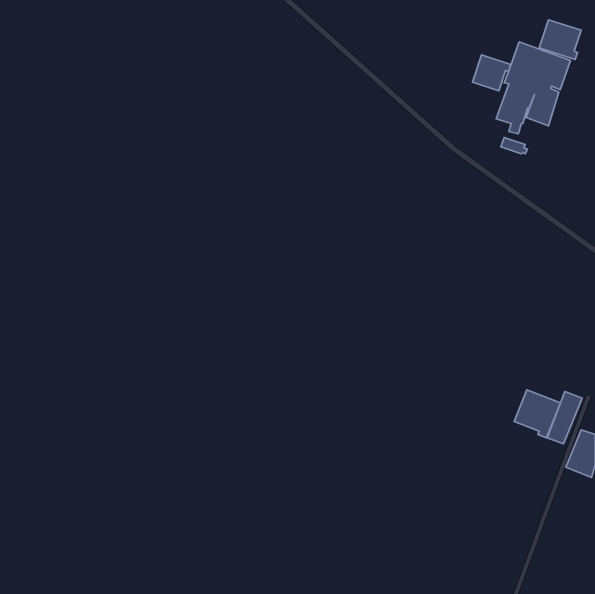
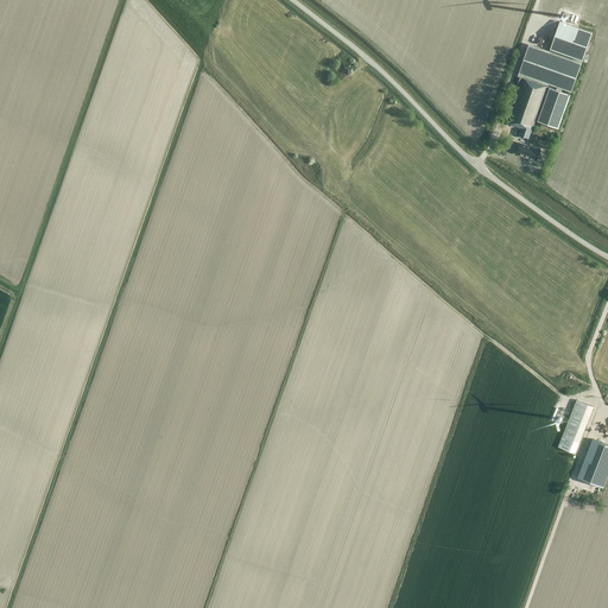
building: [473,55,511,91] -> none
building: [514,390,560,438] -> none

